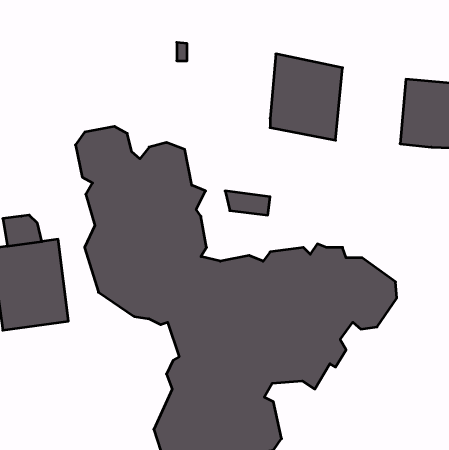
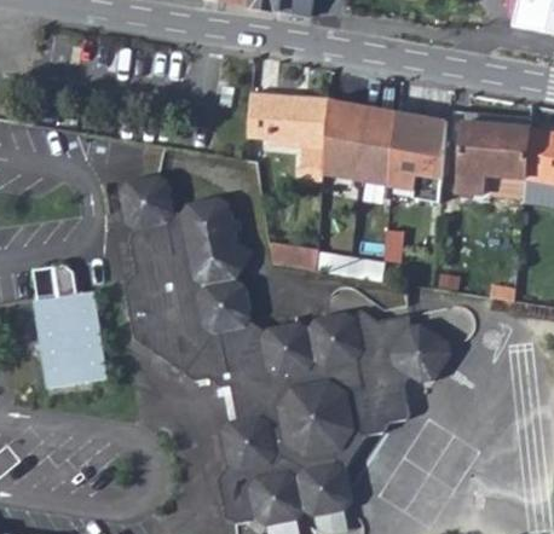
building: none -> [249,91,328,181]
building: none -> [391,112,448,203]

